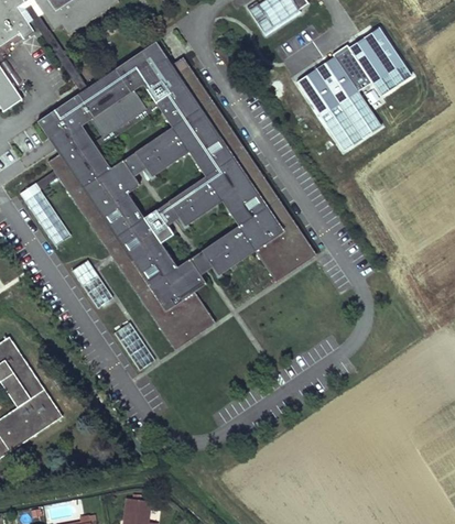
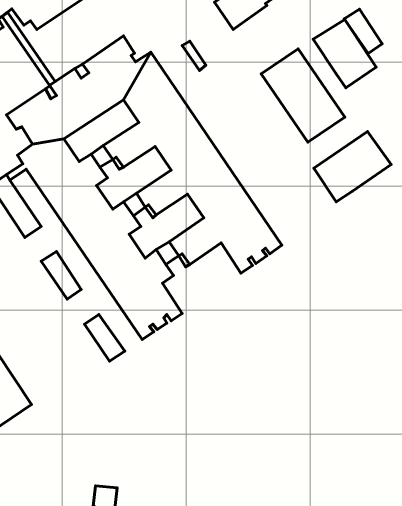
building: [333,44,371,89] -> [344,9,382,53]
building: none -> [314,132,391,202]

